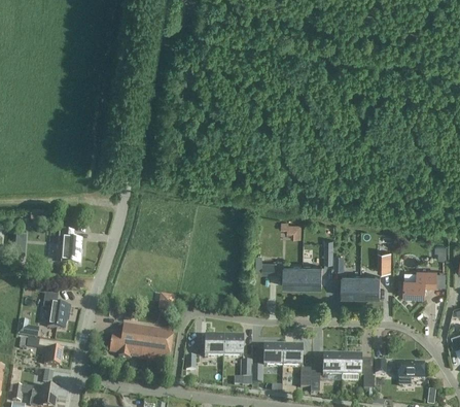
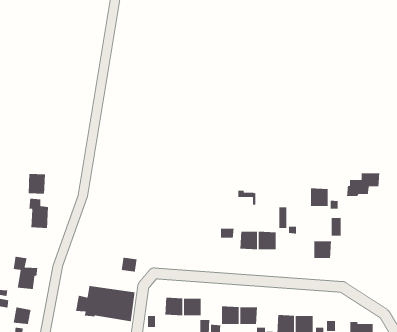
building: none -> [28,173,46,195]
building: [400,270,436,296] -> [346,172,380,197]
building: [341,274,360,295] -> [310,188,329,207]

